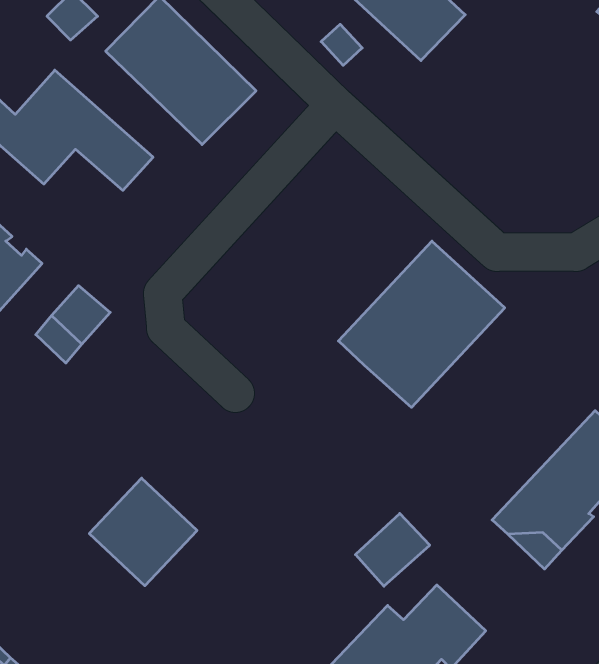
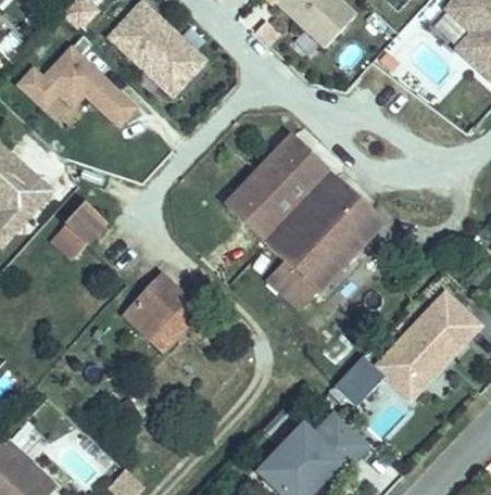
building: none -> [226,134,325,236]
building: none -> [265,255,315,304]
building: [89,478,197,586] -> [128,270,202,344]
building: [355,513,430,586] -> [335,360,386,410]

